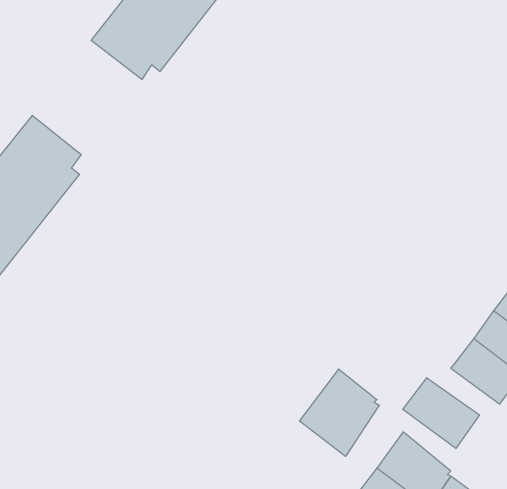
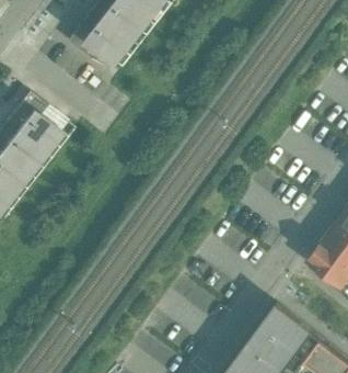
building: [300,369,379,456] -> none
building: [403,378,479,448] -> none

